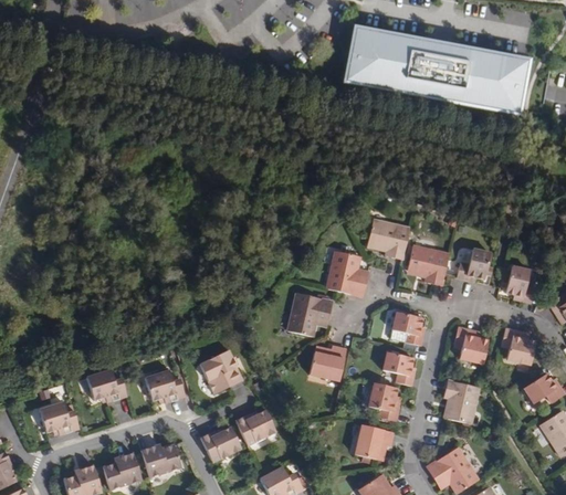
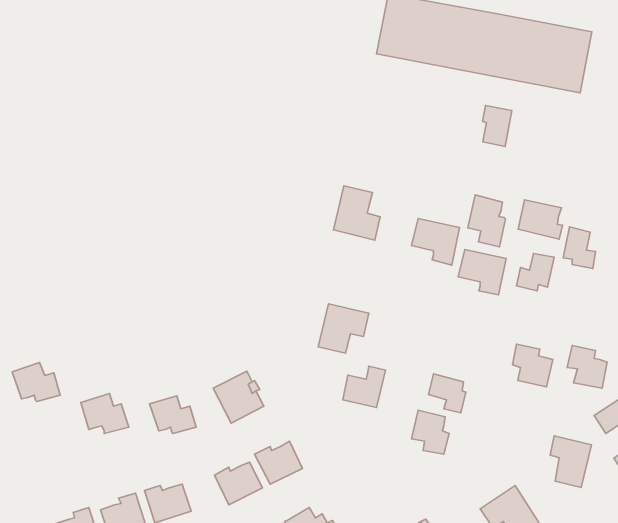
building: none -> [482,106,512,147]
building: none -> [468,195,505,247]
building: none -> [518,200,563,239]
building: [327,250,367,296] -> [333,186,380,240]
building: [506,266,534,302] -> [563,227,596,268]
building: [392,312,423,344] -> none
building: [444,379,480,423] -> [550,436,592,488]
building: [39,402,80,435] -> [12,363,60,401]
building: [355,424,392,459] -> none

